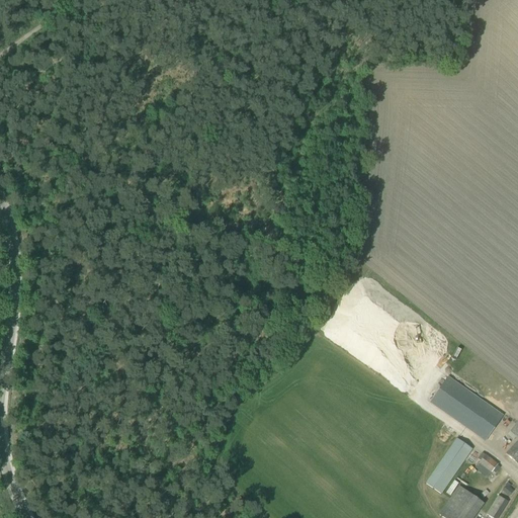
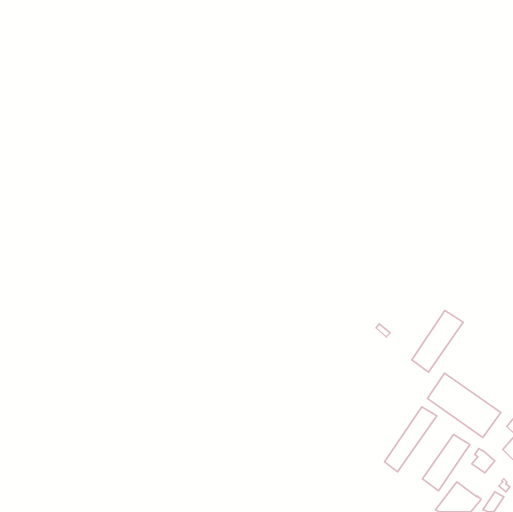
building: none -> [412,311,463,372]
building: none -> [385,407,437,472]

